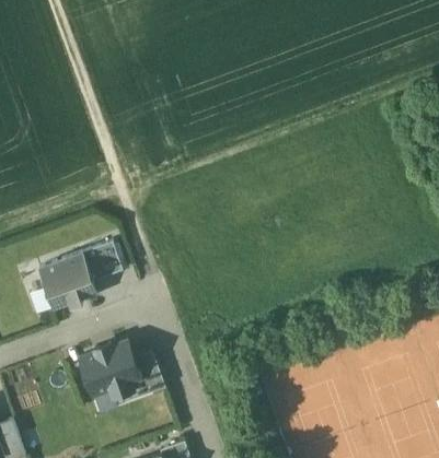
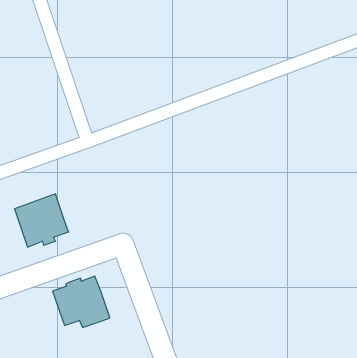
building: [82,243,122,282] -> none
building: [131,352,163,396] -> none

